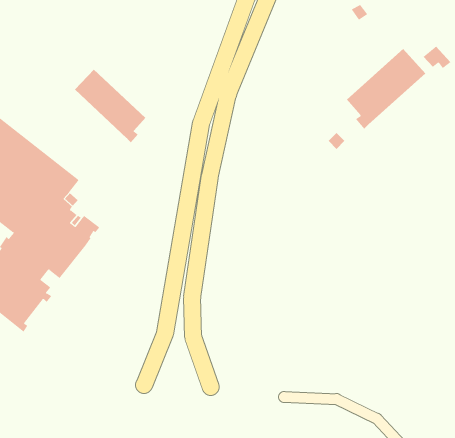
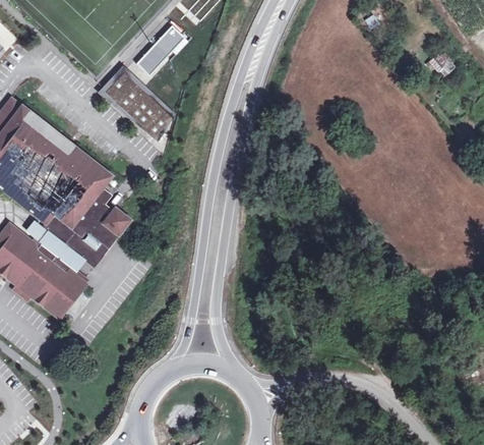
building: none -> [136,23,185,74]
building: [346,48,426,129] -> none

